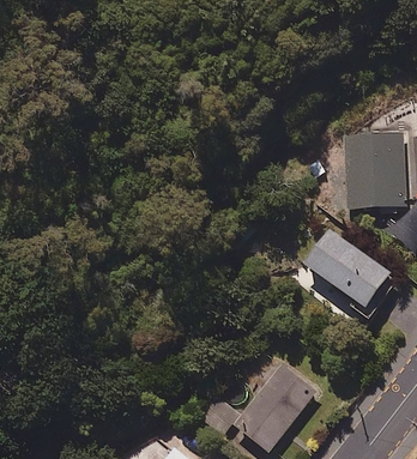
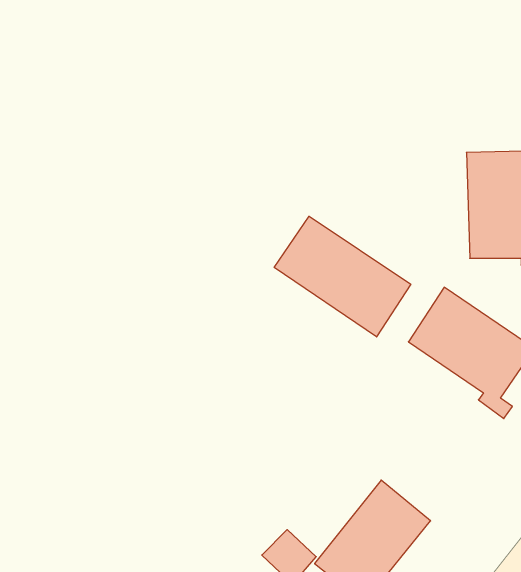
building: none -> [274,216,411,337]

